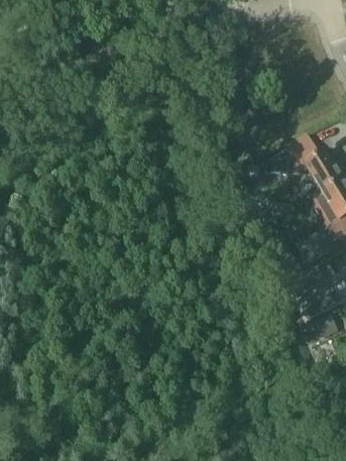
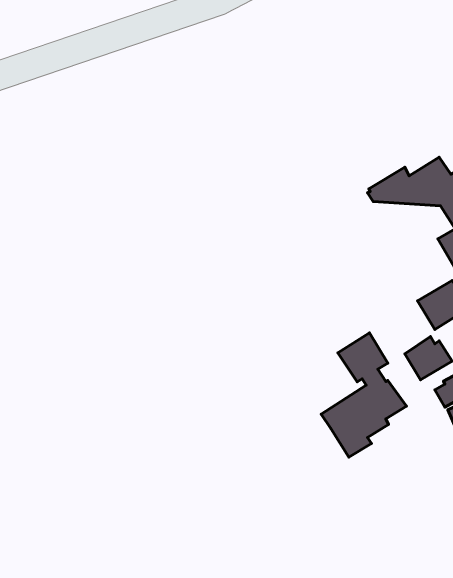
building: none -> [321,333,406,457]

